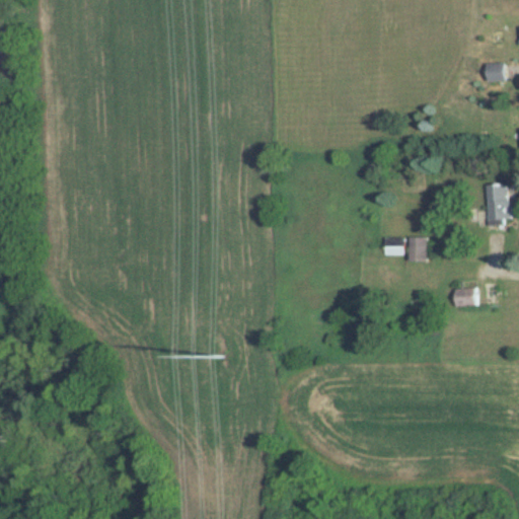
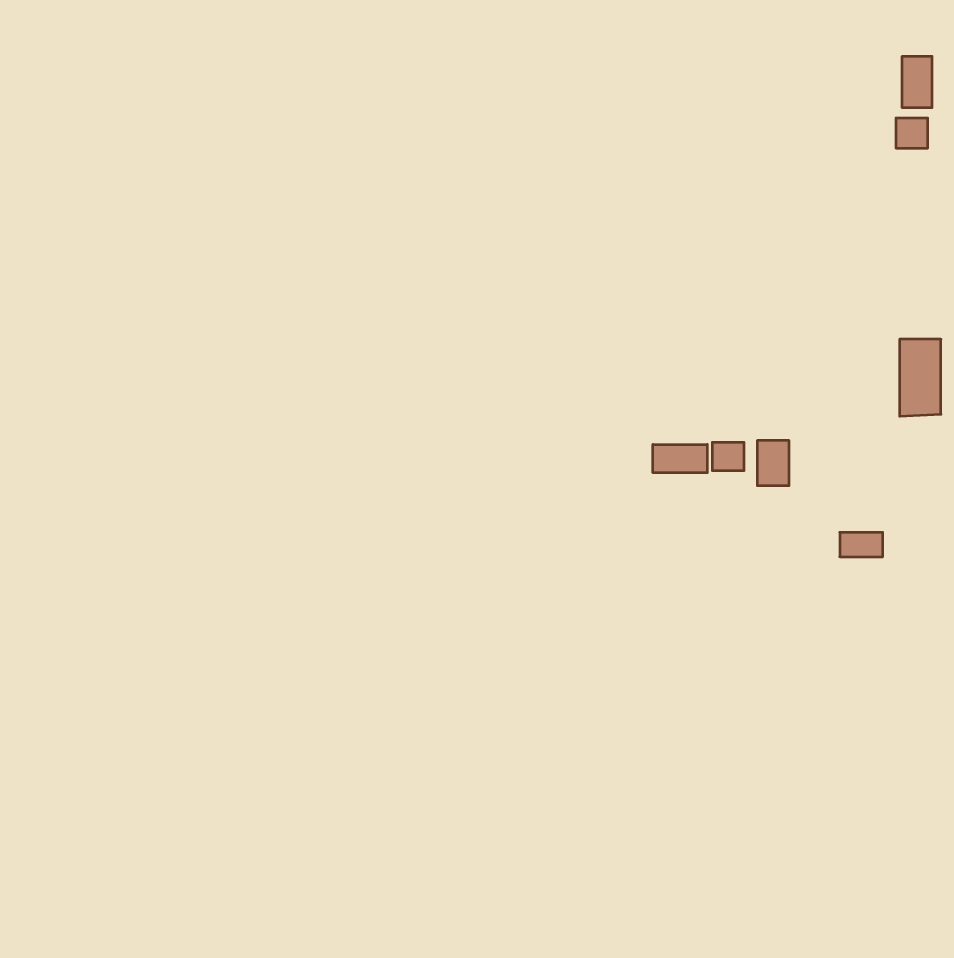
building: none -> [902,56,932,108]
building: none -> [653,444,707,473]

